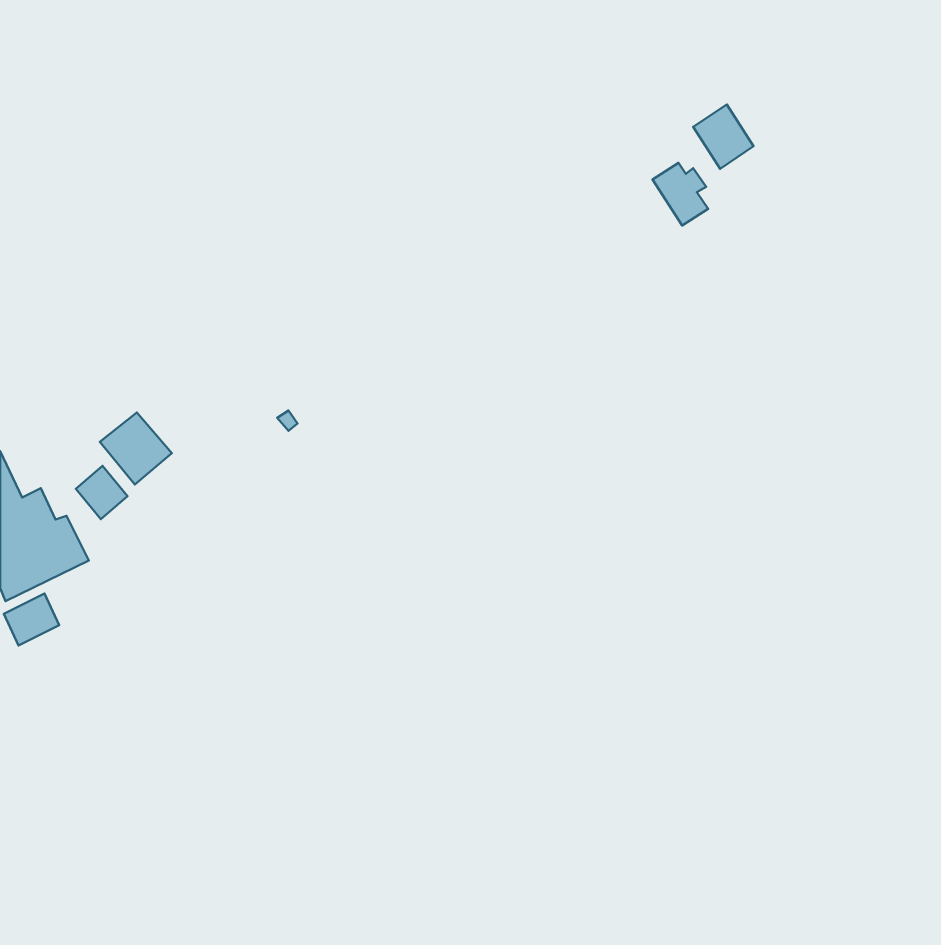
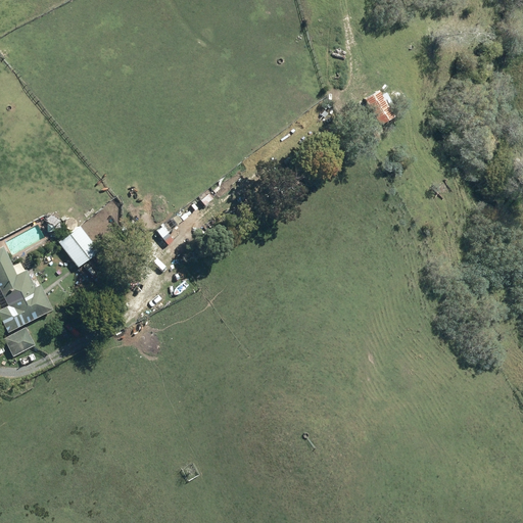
building: [693,104,754,169] -> none
building: [76,466,128,519] -> none

